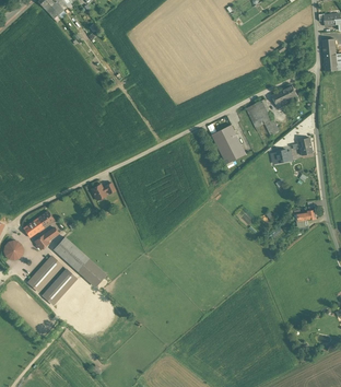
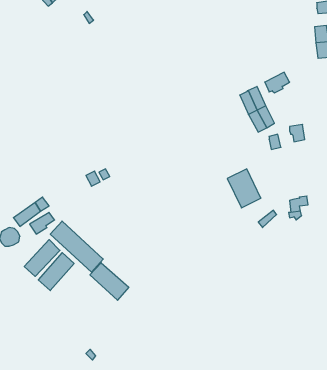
building: [211,125,245,164] -> [227,169,261,208]
building: none -> [90,263,129,300]

